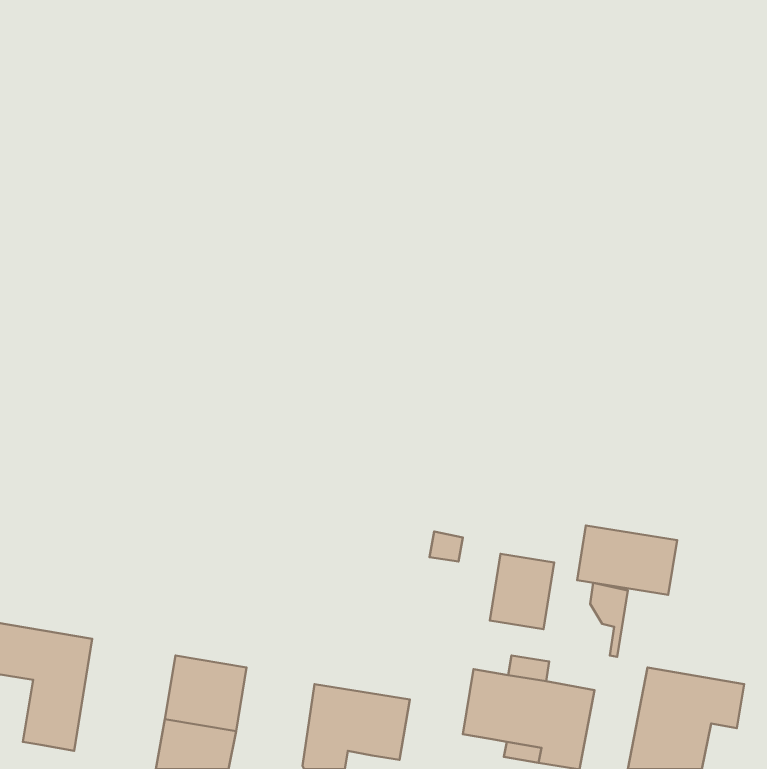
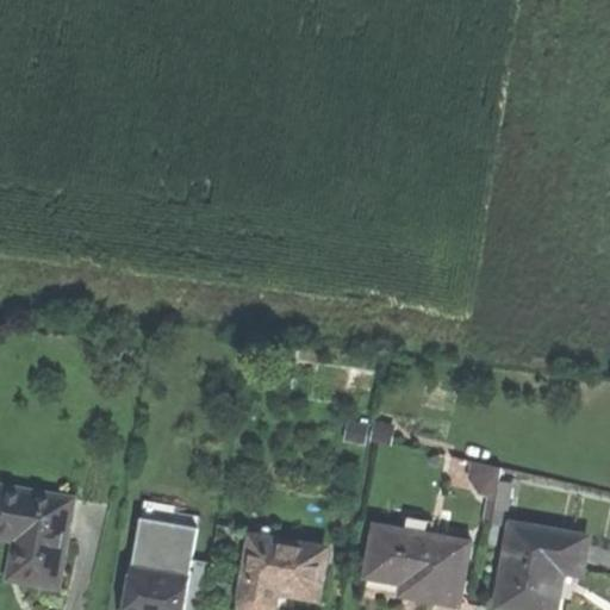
building: [577,526,677,595] -> none
building: [490,554,554,629] -> none

